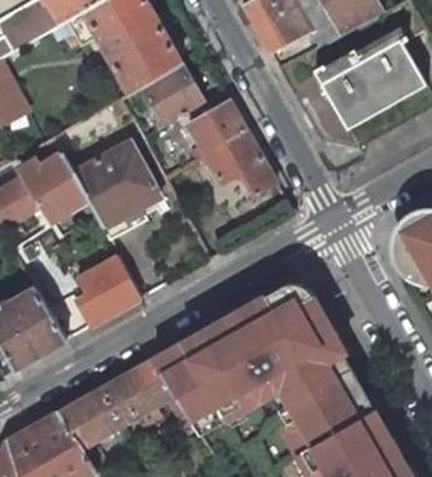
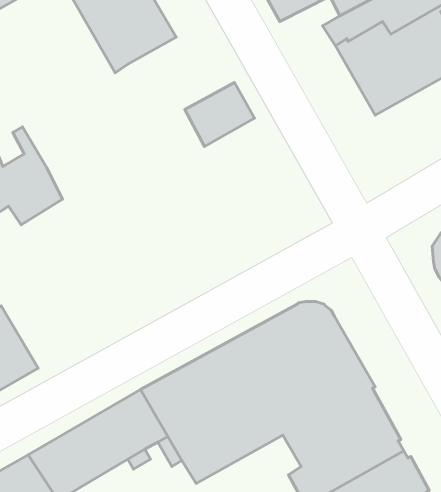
building: [141,63,203,129] -> none
building: [205,131,277,195] -> none
building: [74,140,161,238] -> none
building: [65,254,142,327] -> none

